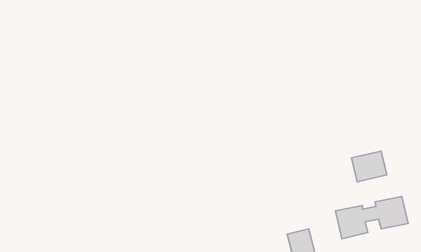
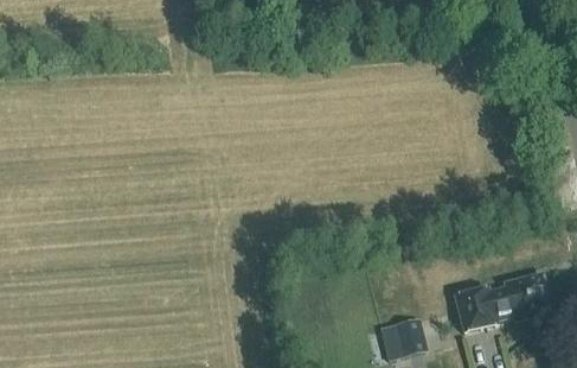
building: [352,151,387,182] -> none

